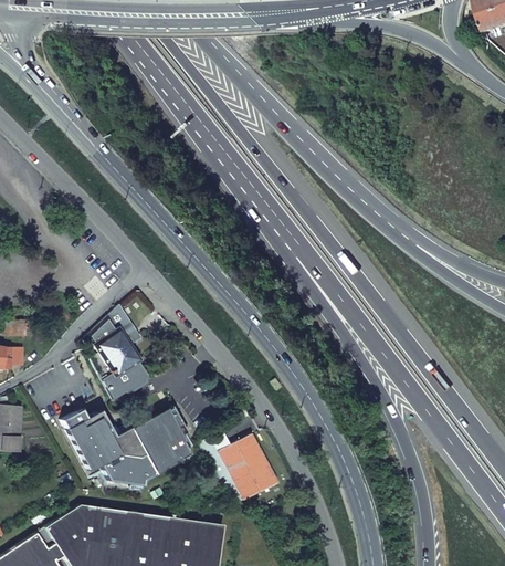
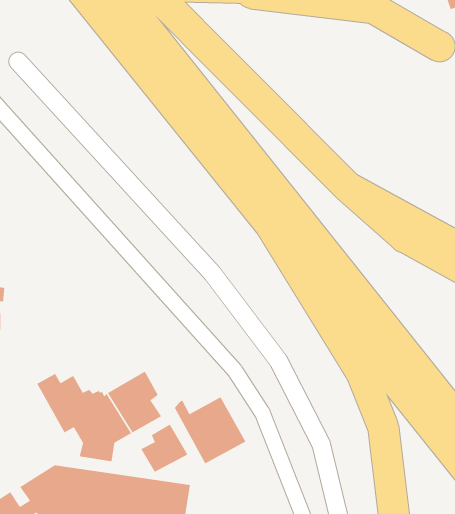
building: [88,316,147,397] -> none
building: none -> [140,423,188,473]

